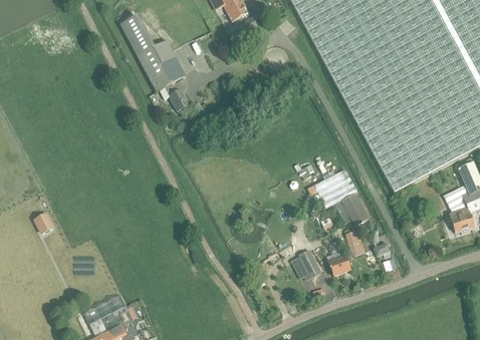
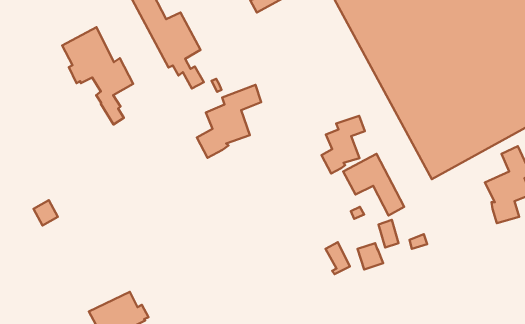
building: none -> [62,27,133,124]
building: none -> [197,85,261,158]
building: none -> [321,116,365,173]

